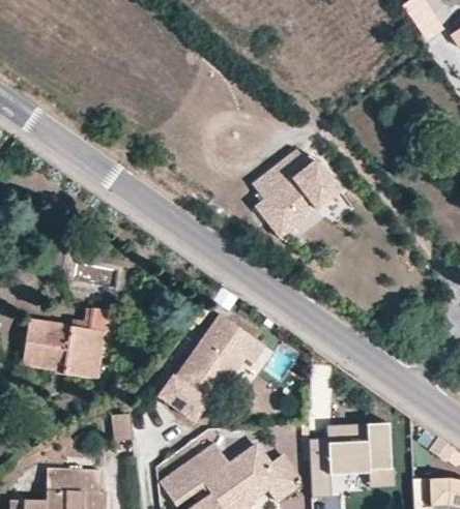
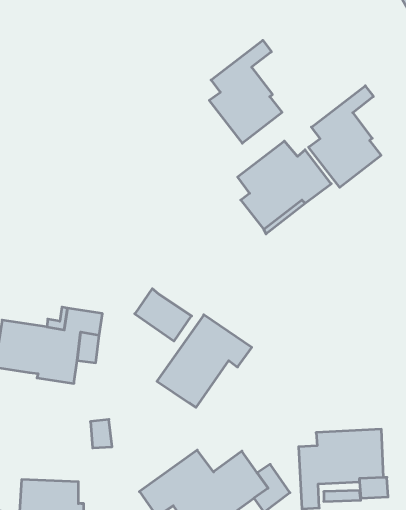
building: none -> [209,40,282,143]
building: none -> [309,86,381,187]
building: [153,371,207,421] -> [135,289,192,341]

